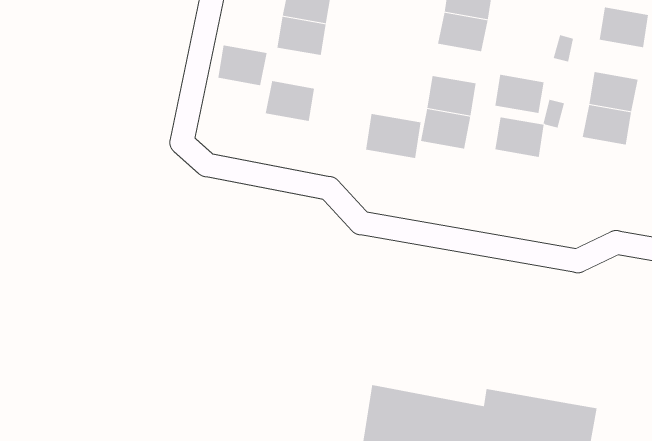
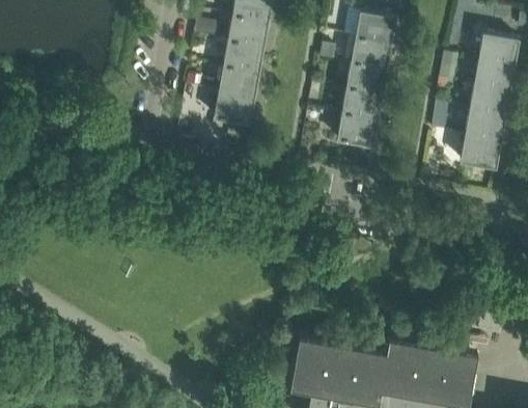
building: none -> [473,61,512,92]
building: [218,45,268,86] -> [219,67,258,100]
building: [494,74,544,114] -> [345,64,385,96]
building: [366,113,421,159] -> none
building: [495,117,545,158] -> [460,138,499,170]

